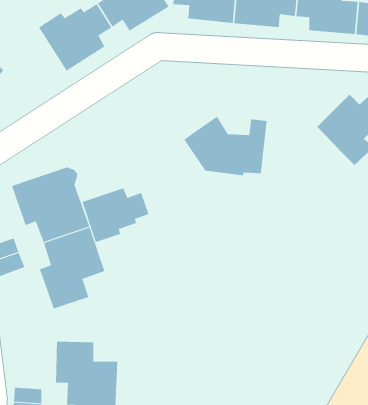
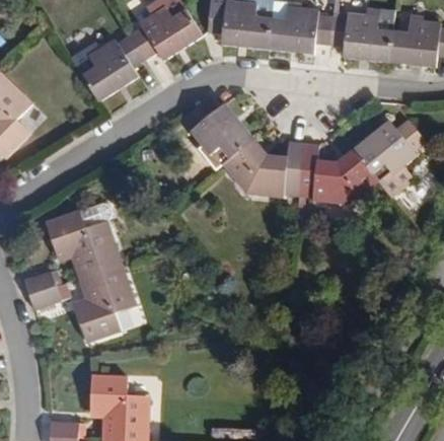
building: none -> [182,101,252,163]
building: none -> [297,150,379,213]
building: [82,187,149,243] -> none

